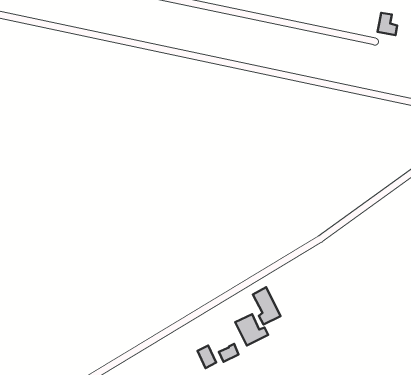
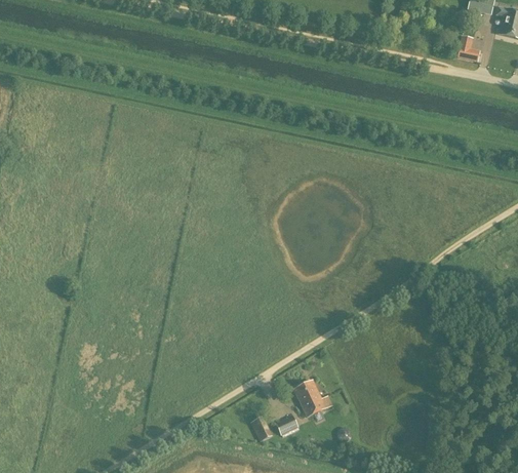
building: [253,287,280,325] -> none

